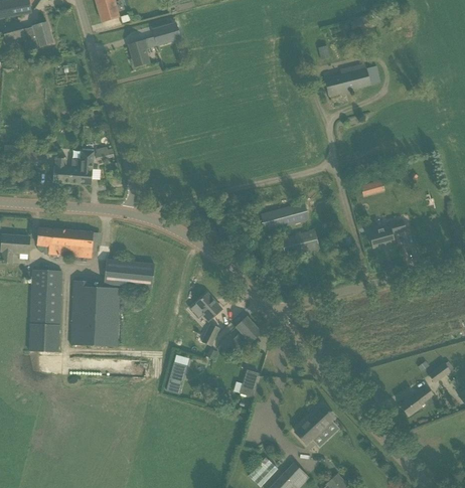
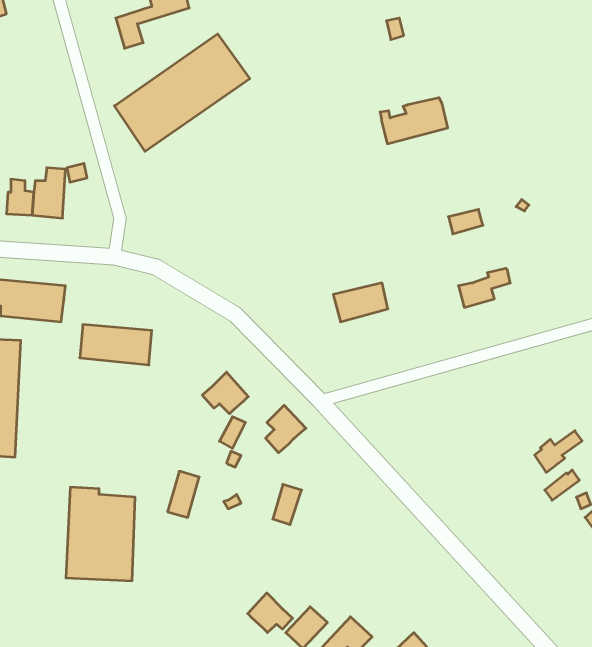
building: none -> [114,34,250,151]
building: [323,63,370,96] -> [380,98,448,144]
building: [261,202,309,231] -> none
building: [70,281,119,346] -> [66,487,135,581]
building: [400,387,433,417] -> [535,431,582,472]
building: [295,404,338,444] -> none
building: none -> [248,593,293,633]

